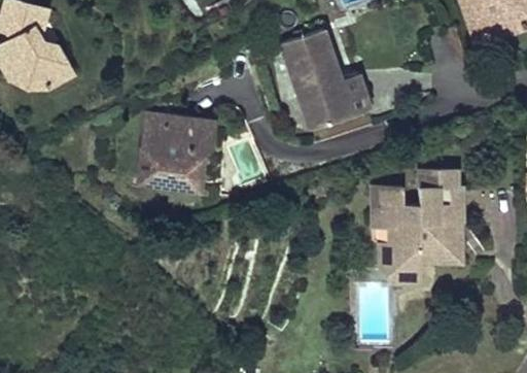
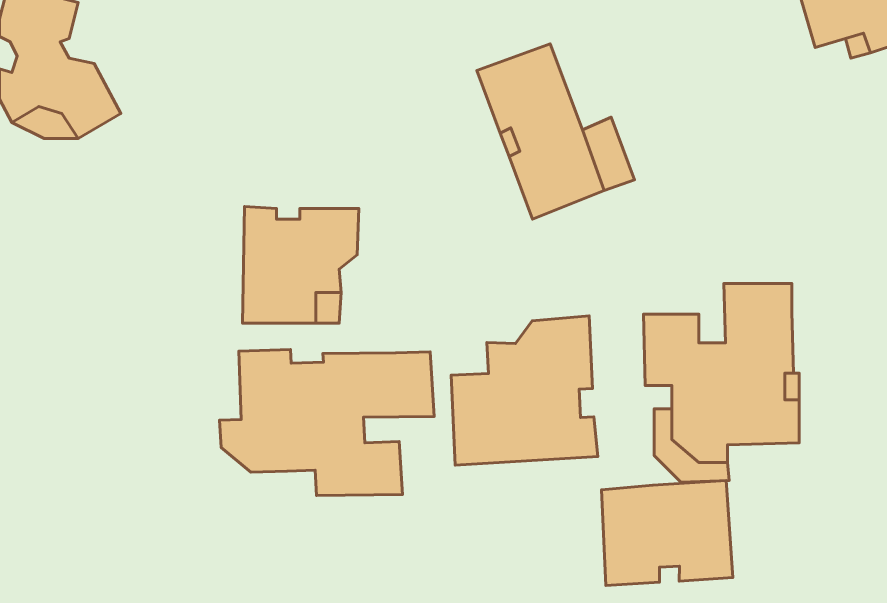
building: none -> [451,316,598,465]
building: none -> [220,350,434,496]
building: none -> [601,481,733,586]

